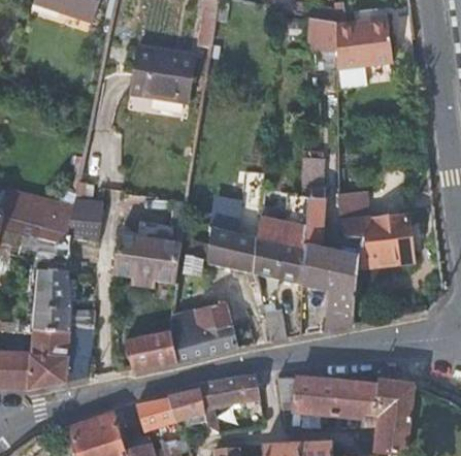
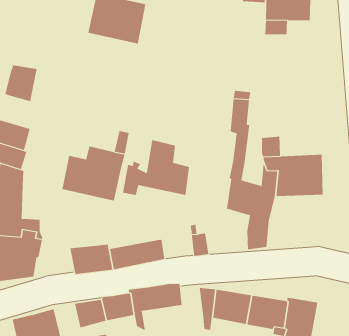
building: [69,198,105,239] -> [4,65,37,102]
building: [257,220,307,285] -> none
building: [171,301,231,338] -> none

